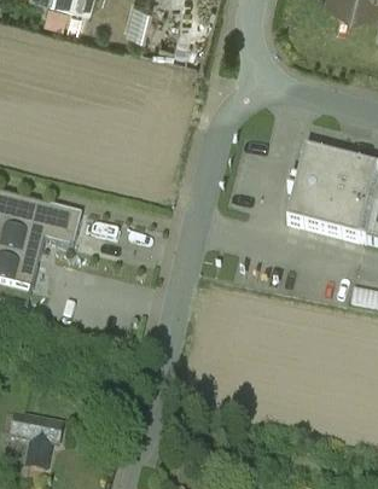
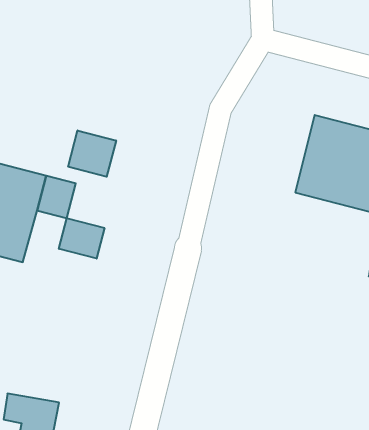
building: none -> [68,130,116,177]
building: none -> [59,218,104,259]

